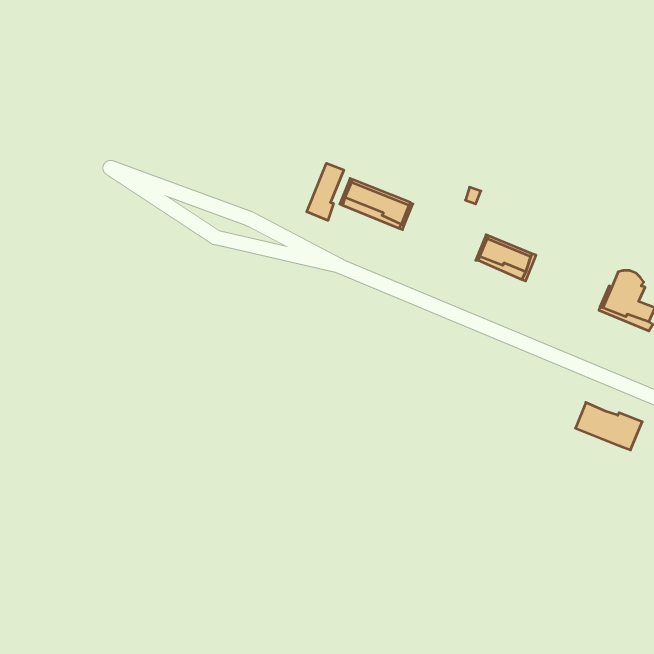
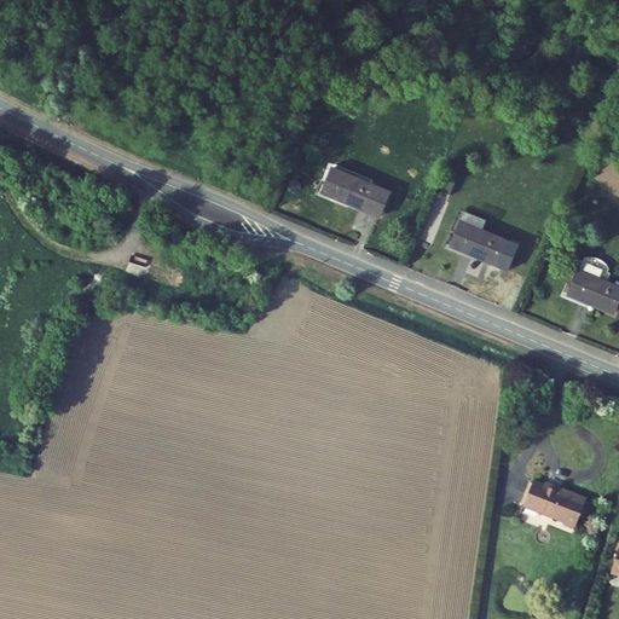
building: [307,163,344,220] -> none
building: [575,402,642,450] -> [523,480,586,525]

